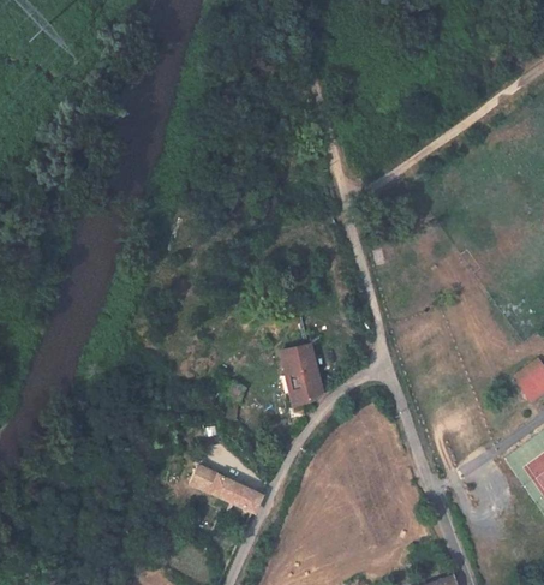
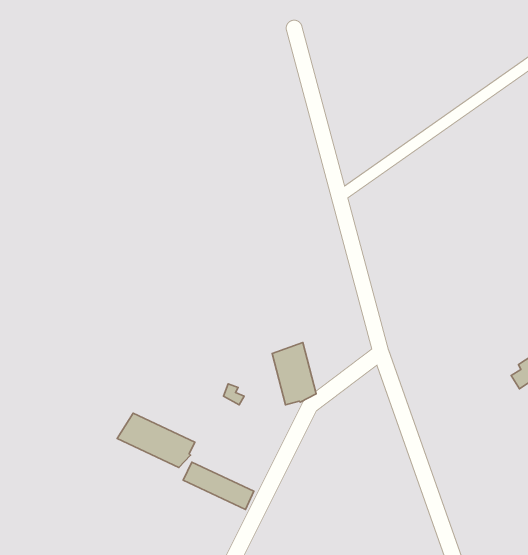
building: none -> [117,413,195,467]

